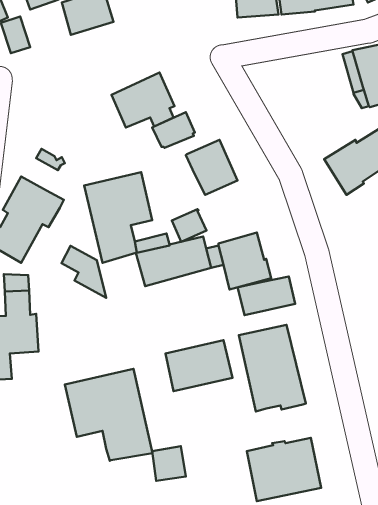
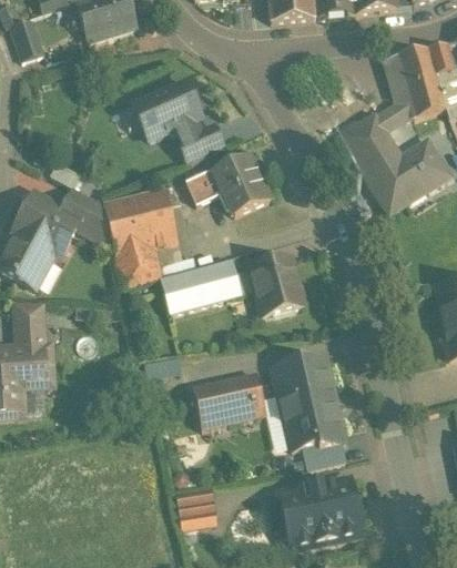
building: none -> [342,109,399,174]
building: [172,209,207,242] -> [186,168,224,203]
building: [61,246,106,298] -> [62,190,111,246]
building: [238,277,295,315] -> none
building: [65,369,153,461] -> none
building: none -> [302,442,345,467]

